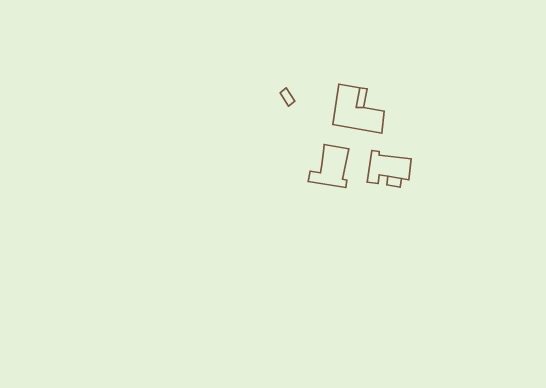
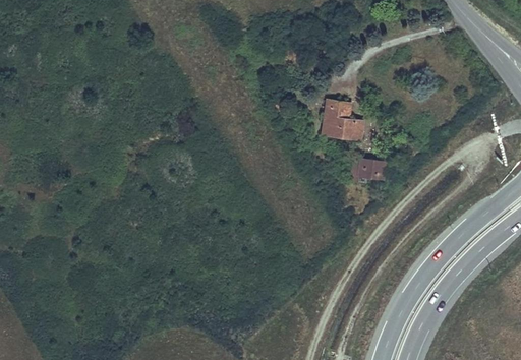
building: [308,144,349,187] -> none

